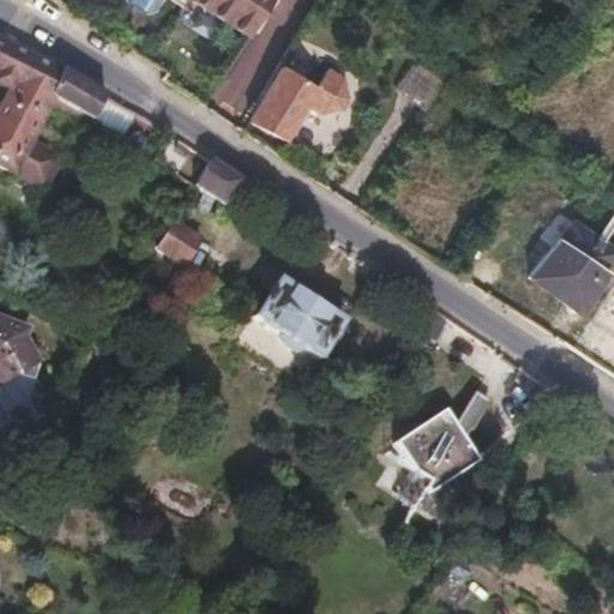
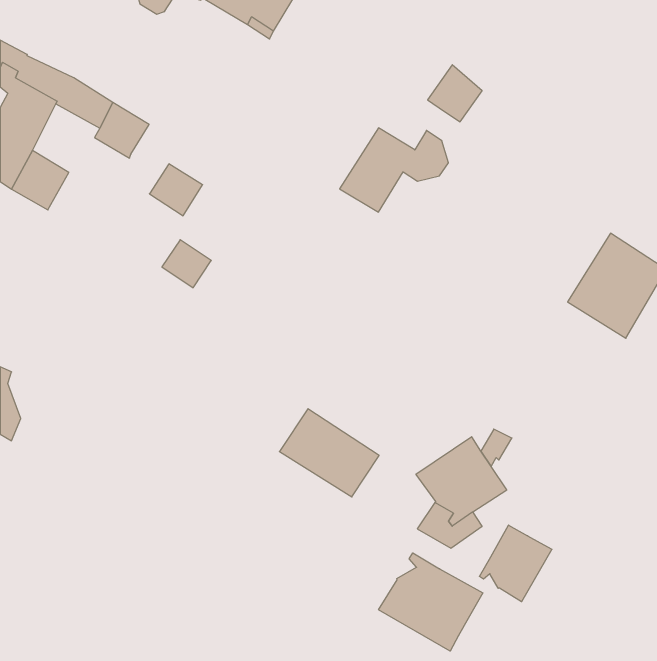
building: [251,62,351,140] -> [340,128,448,212]
building: [198,161,247,209] -> [149,164,203,216]
building: [257,278,349,360] -> [279,409,379,497]
building: none -> [479,525,552,602]
building: none -> [379,553,483,651]

